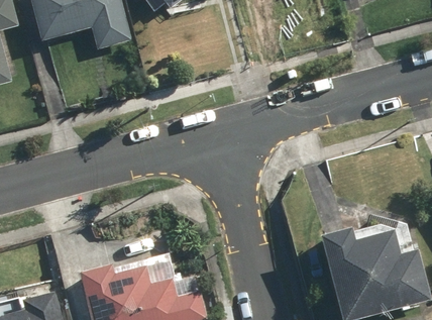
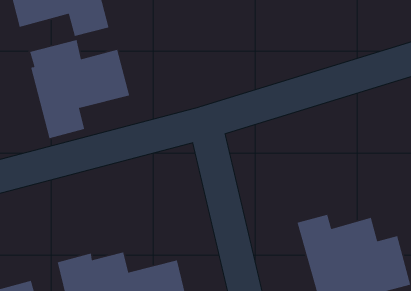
building: none -> [29,39,130,139]

